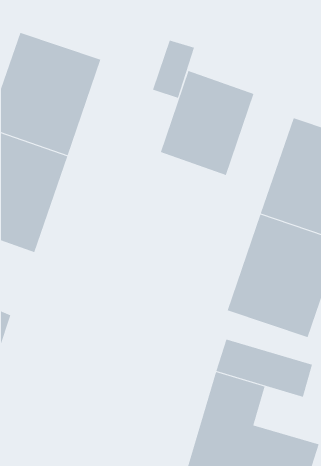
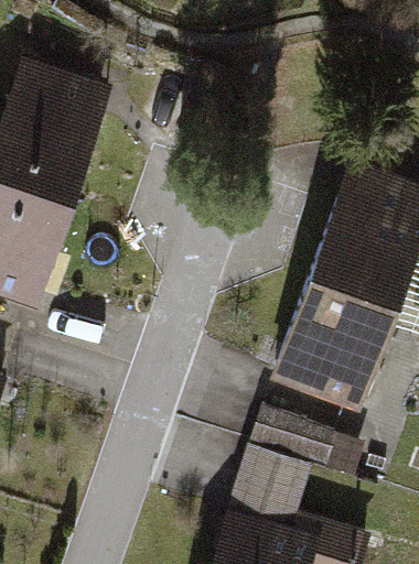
building: [160,70,254,176] -> none

